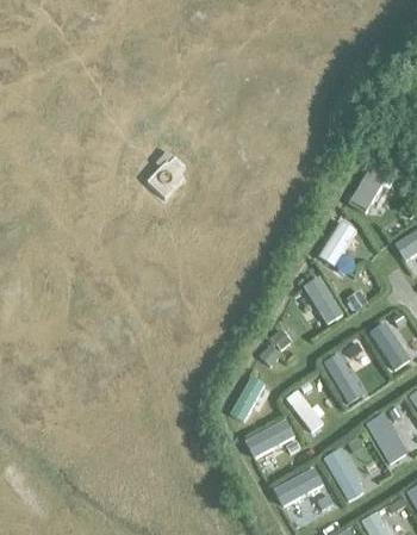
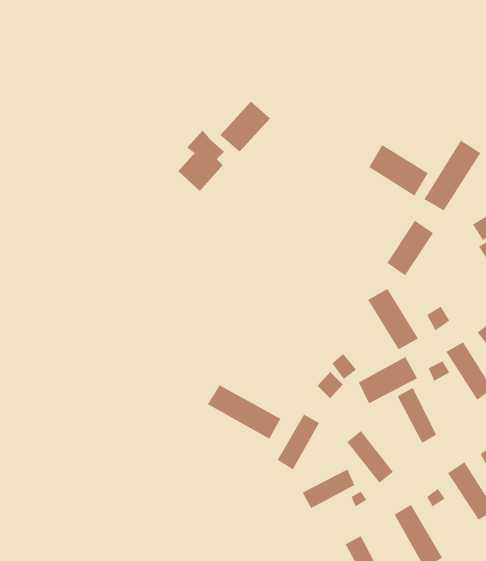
building: none -> [219,101,271,153]
building: none -> [368,144,428,196]
building: none -> [358,356,418,404]
building: none -> [207,384,281,440]

